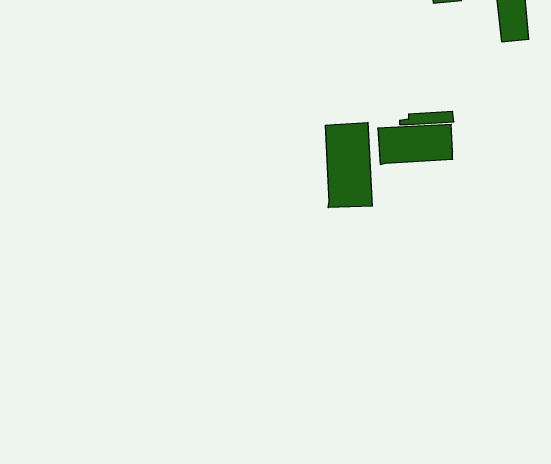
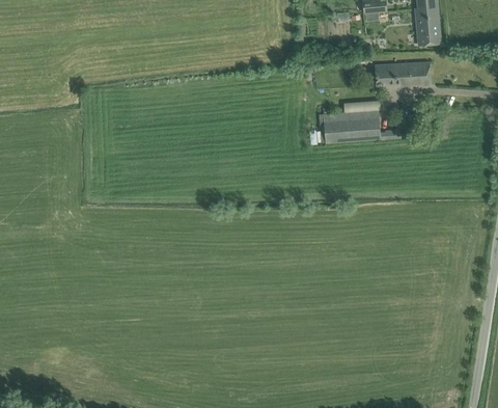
building: none -> [375,62,430,86]
building: [326,122,372,208] -> none

